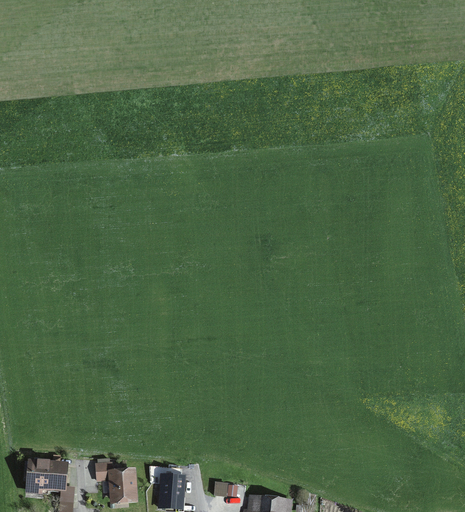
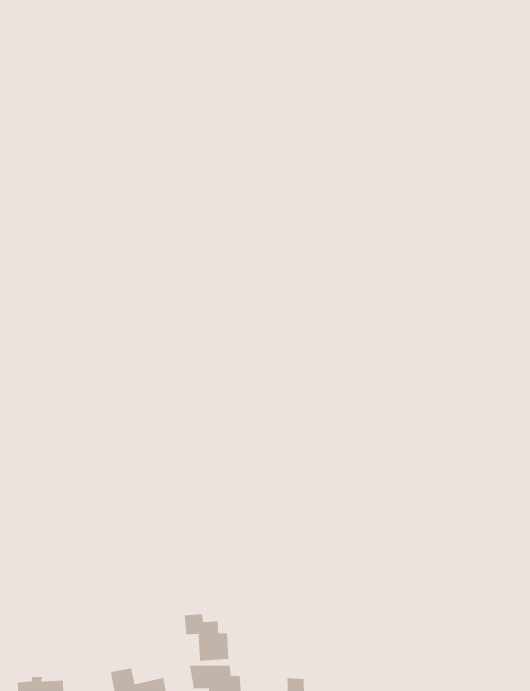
building: none -> [184,613,229,661]

